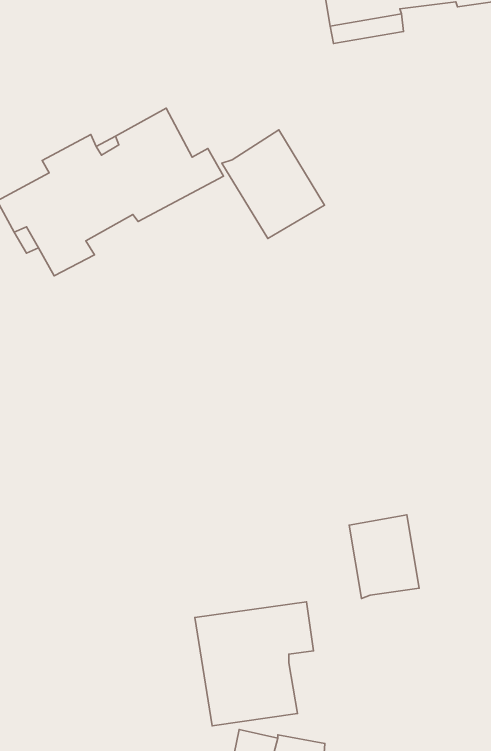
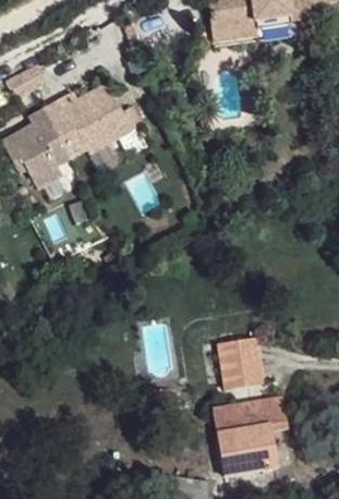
building: [222,130,325,239] -> none
building: [195,602,313,726] -> [214,398,288,475]

